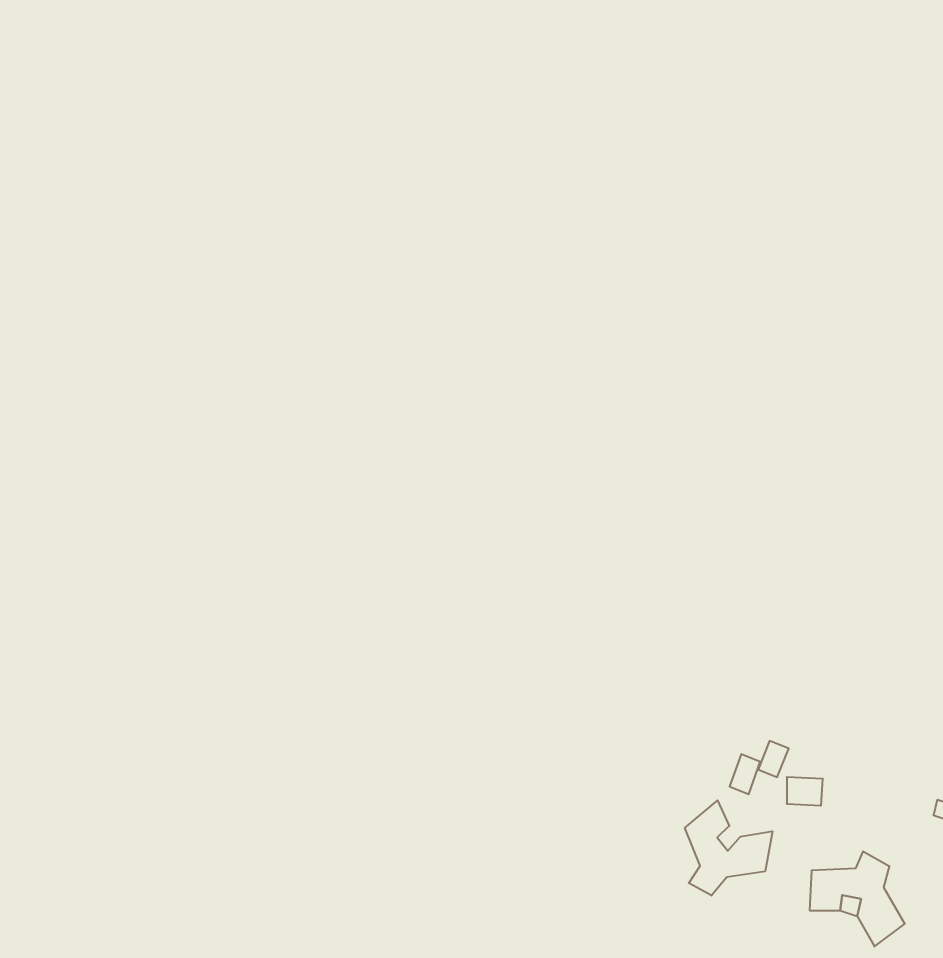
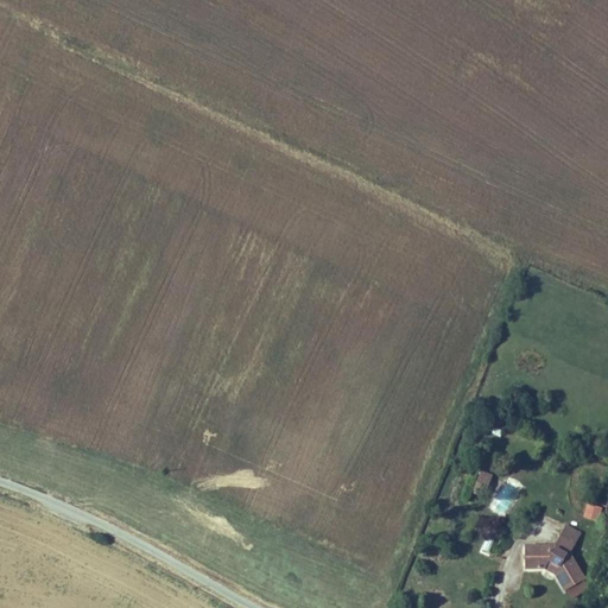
building: [685,800,773,896] -> none

